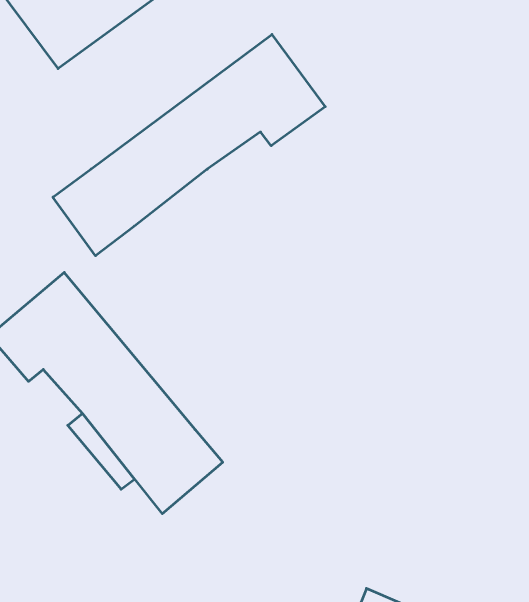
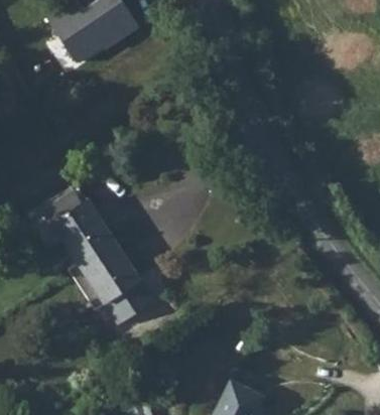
building: [53,34,325,256] -> none

